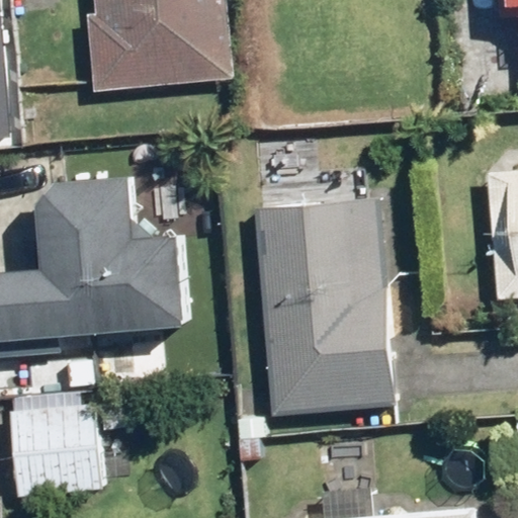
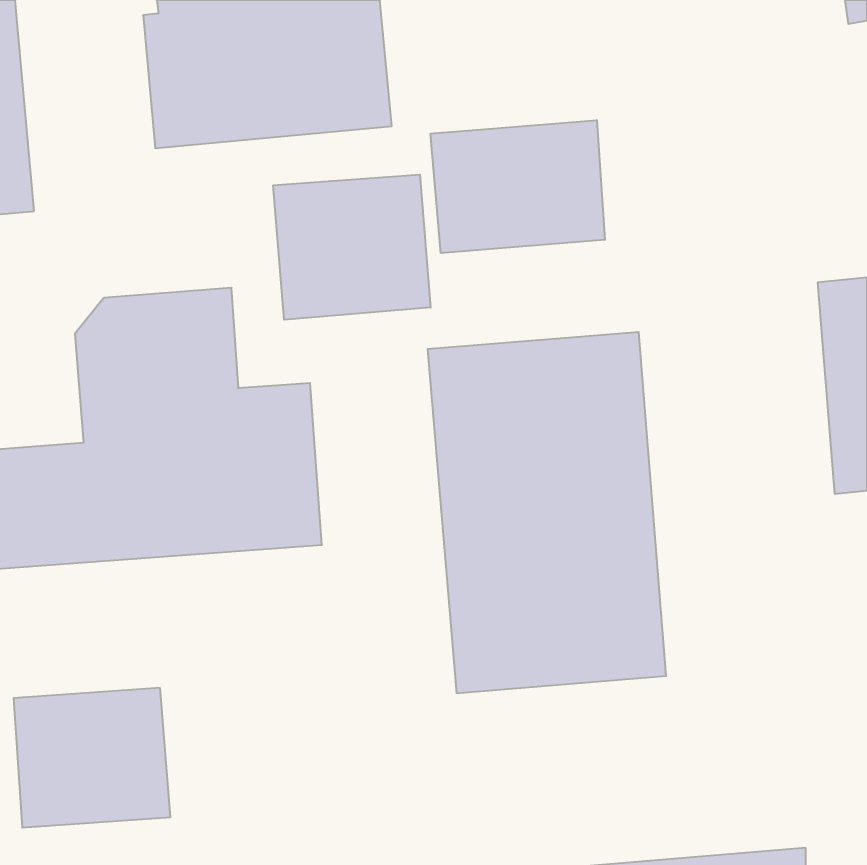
building: none -> [431,120,605,253]
building: none -> [273,175,431,320]

